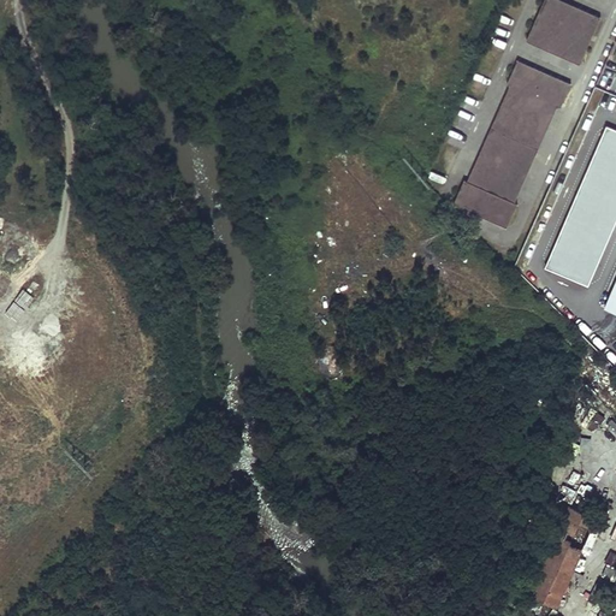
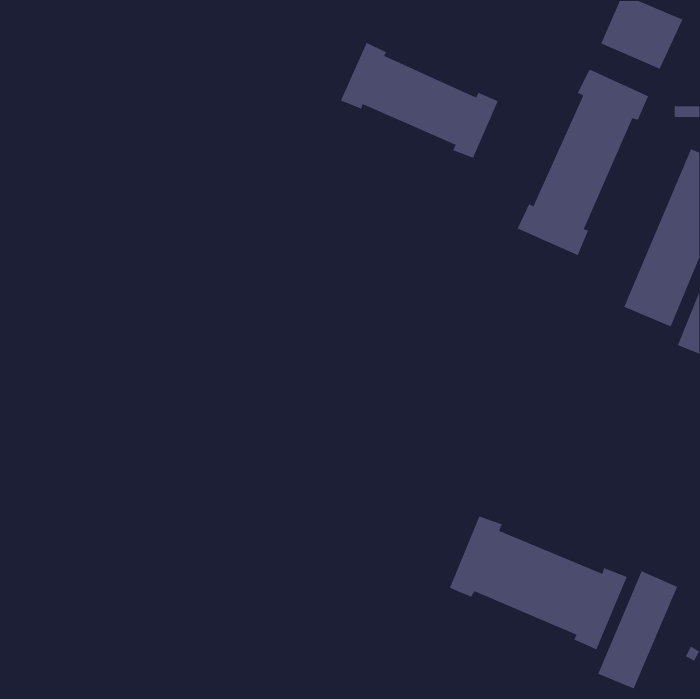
building: none -> [340,42,499,159]
building: none -> [449,515,628,651]

